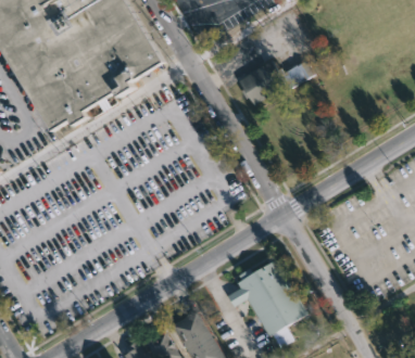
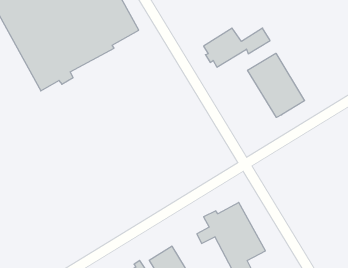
building: none -> [248,53,305,117]

